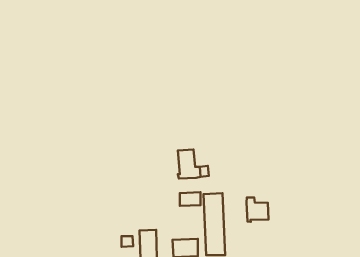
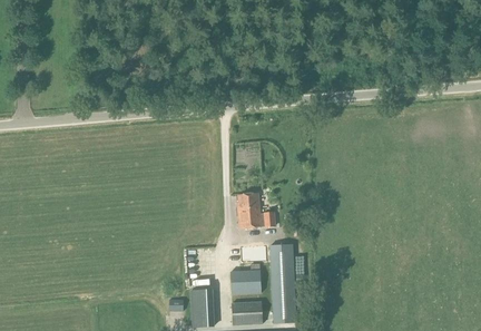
building: [246,197,269,222] -> none
building: none -> [230,271,262,293]

